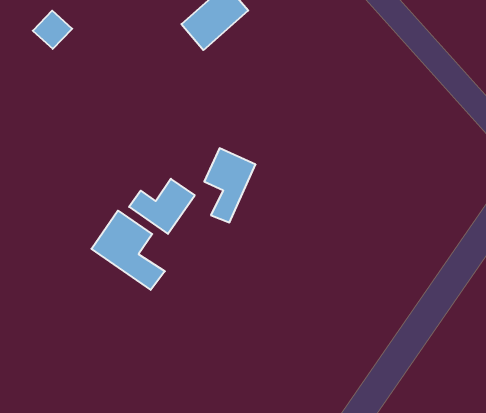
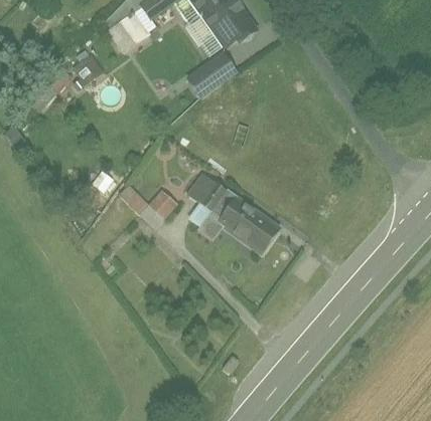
building: none -> [218,200,278,253]
building: [91,211,165,290] -> none

